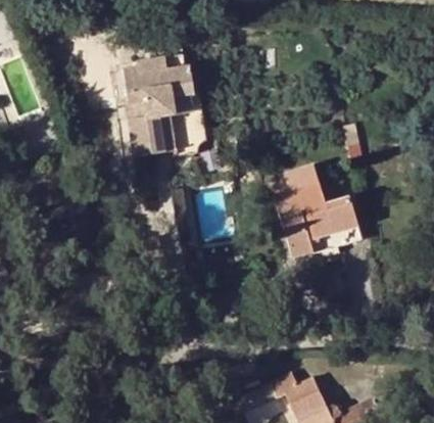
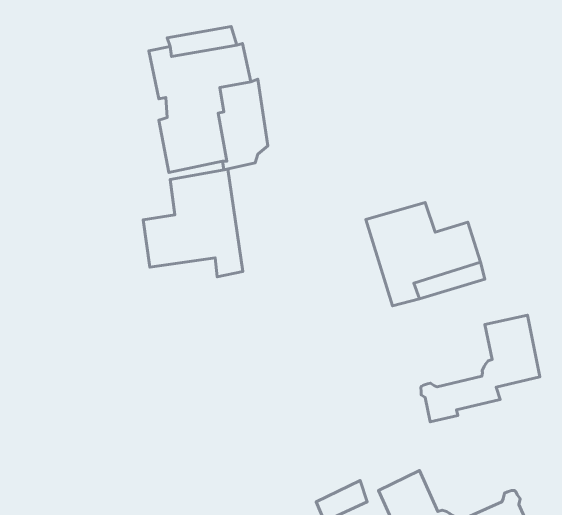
building: none -> [143,169,243,277]
building: none -> [421,315,540,422]

